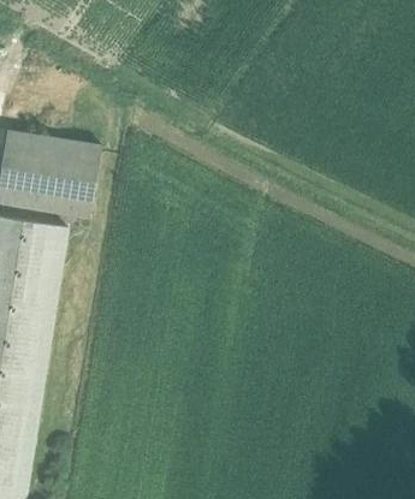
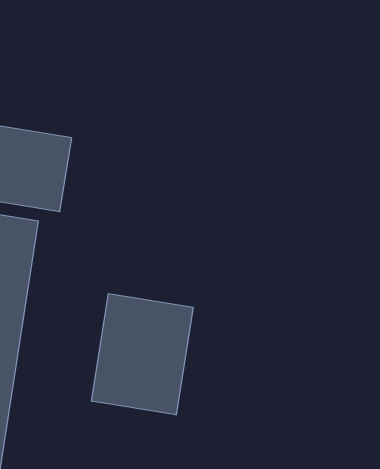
building: none -> [92,294,193,415]

